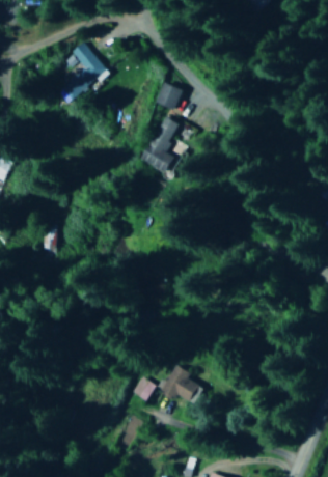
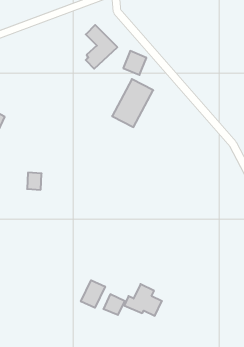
building: [71,43,109,95] -> [86,25,117,69]
building: none -> [81,280,105,308]

